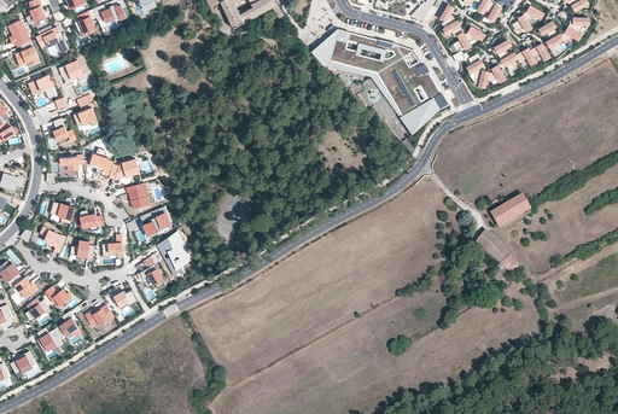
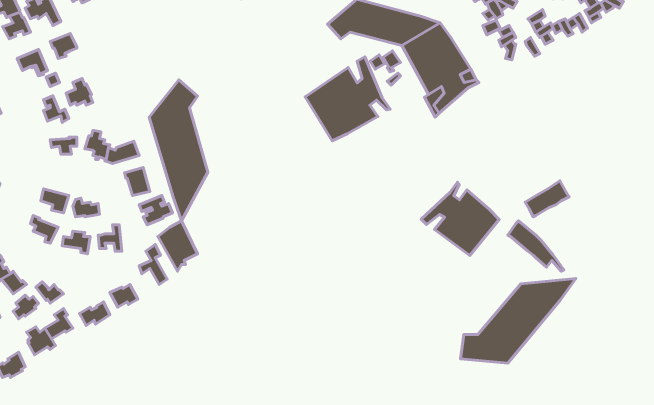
building: none -> [305,57,390,141]
building: none -> [149,80,208,221]
building: none -> [421,182,499,255]
building: none -> [461,279,576,363]

